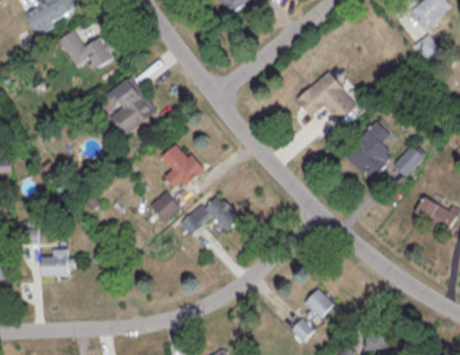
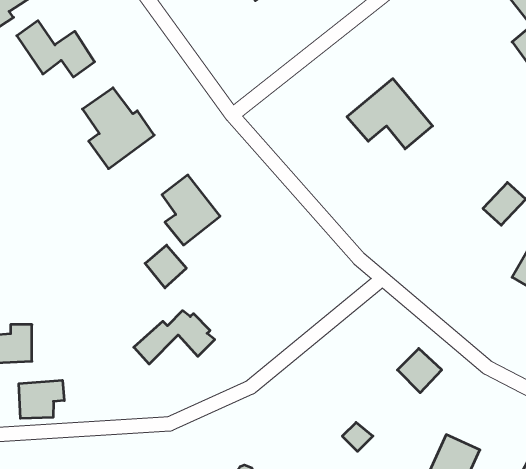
building: [342,120,391,179] -> none
building: [179,197,237,236] -> [134,311,215,364]
building: [302,289,334,321] -> [397,348,442,393]
building: none -> [19,380,64,418]

